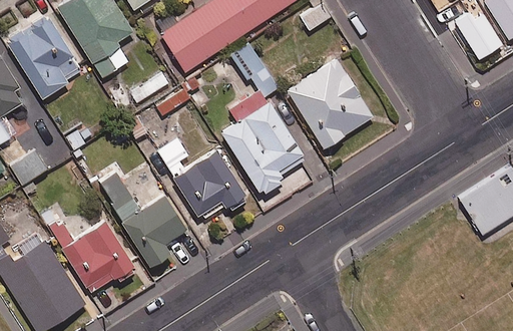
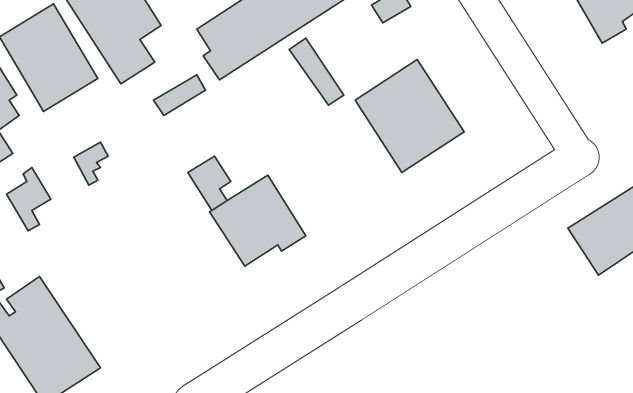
building: [220,91,305,196] -> none
building: [97,173,186,268] -> none
building: [42,211,133,294] -> none

